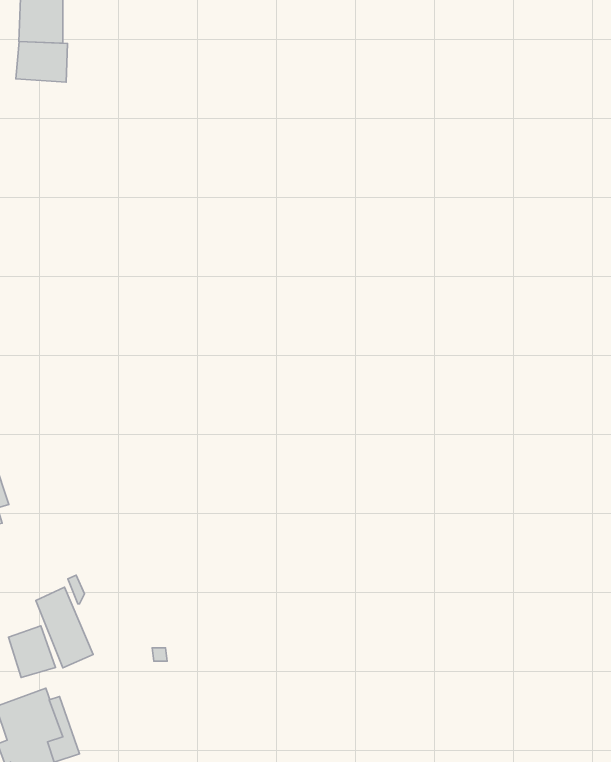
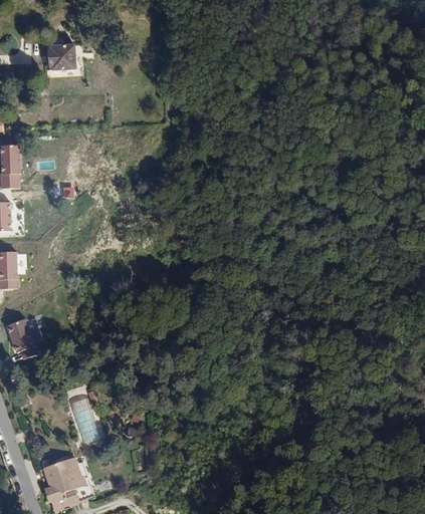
building: [16,42,68,82] -> none
building: [8,626,55,678] -> none

